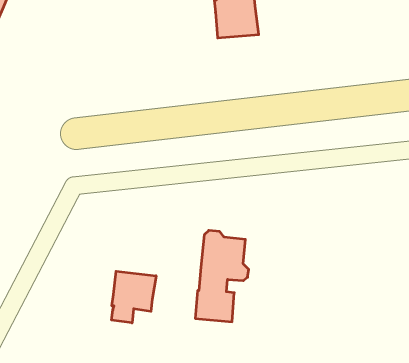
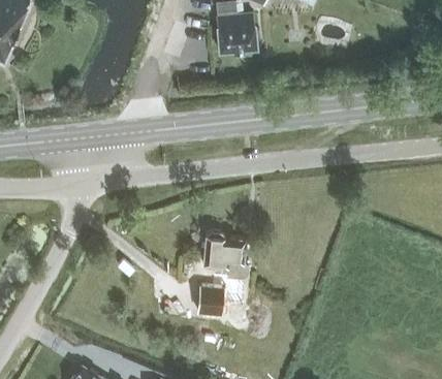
building: [112,271,156,323] -> none

